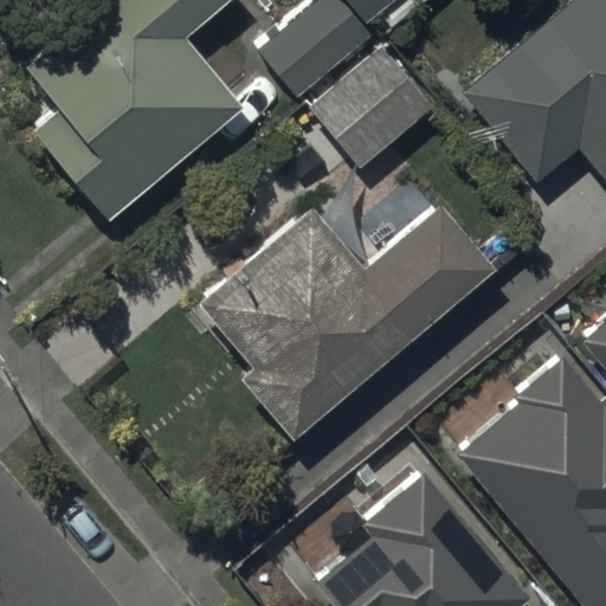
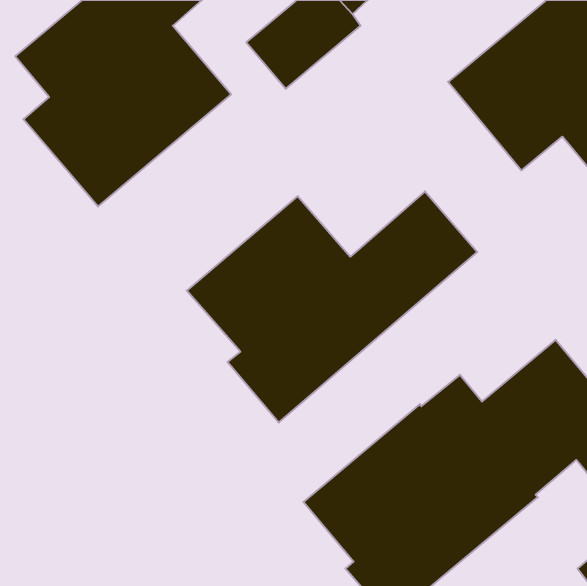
building: [311,49,436,170] -> none

